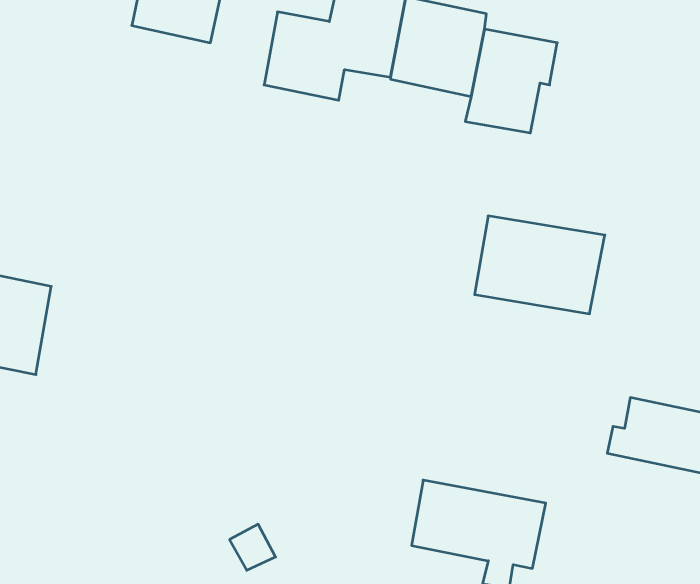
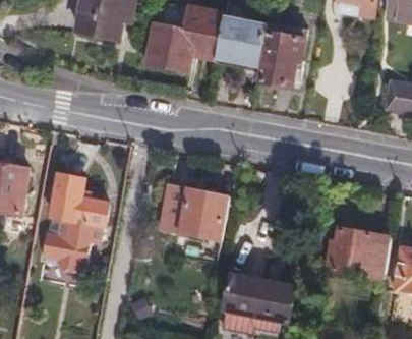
building: [475,216,605,314] -> [161,186,230,238]
building: none -> [47,172,110,273]

